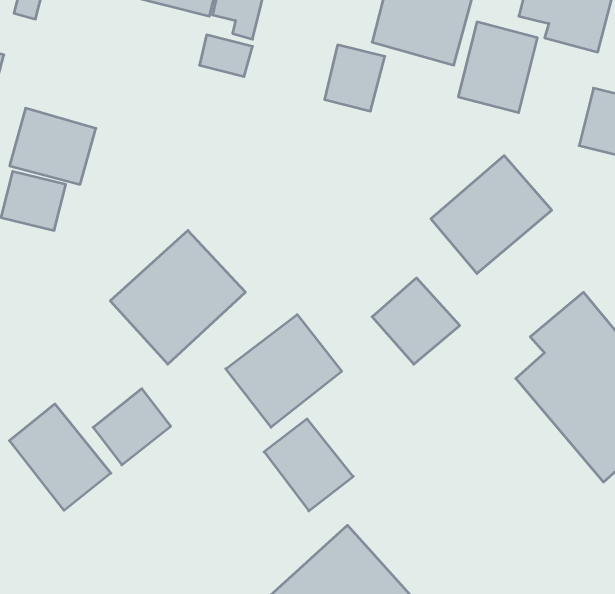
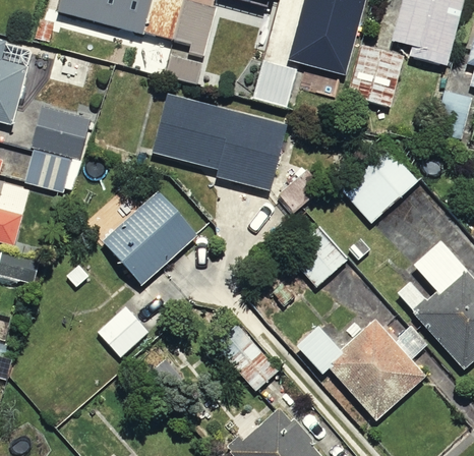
building: none -> [141,94,283,195]
building: [226,315,342,427] -> none
building: [9,404,111,510] -> none
building: none -> [289,320,417,418]

